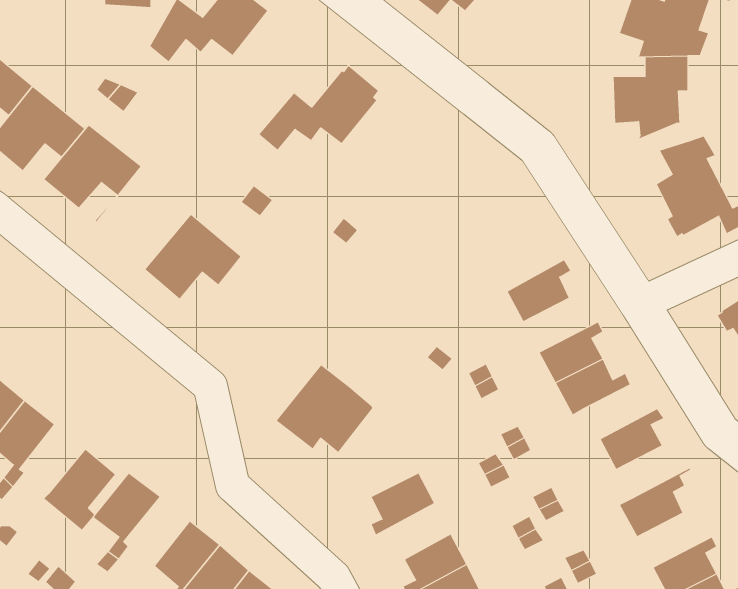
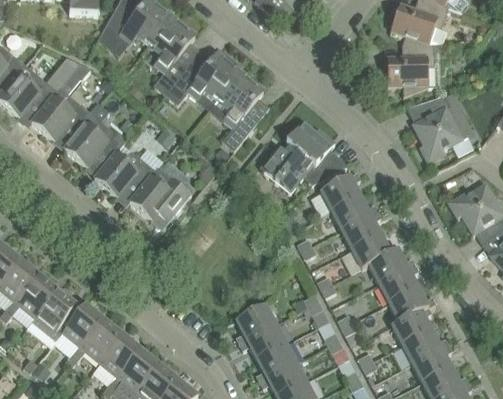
building: none -> [150,17,195,94]
building: none -> [218,73,264,150]
building: none -> [65,114,126,178]
building: none -> [261,121,348,193]
building: none -> [331,196,378,230]
building: [276,364,374,453] -> [130,167,191,222]
building: none -> [369,250,415,284]
building: none -> [17,275,58,318]
building: none -> [389,288,435,321]
building: none -> [82,320,123,363]
building: none -> [239,324,286,359]
building: none -> [402,330,449,364]

